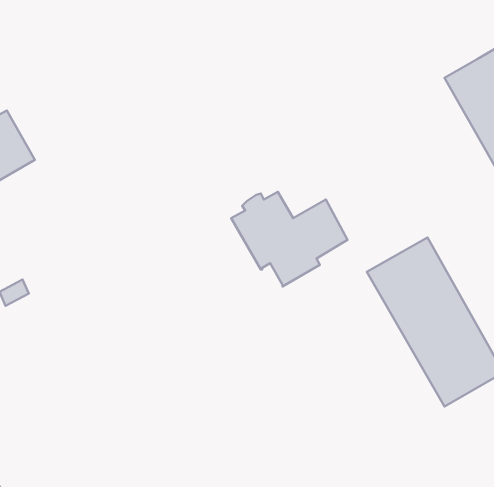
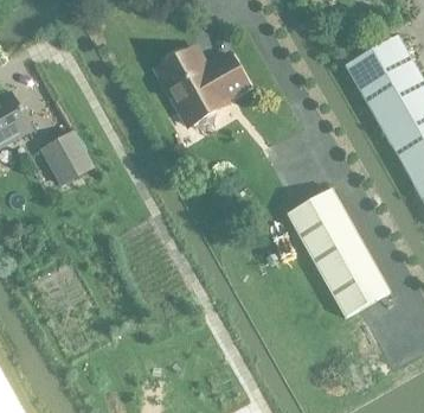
building: none -> [41,132,92,183]
building: [231,192,348,287] -> [159,50,248,122]

